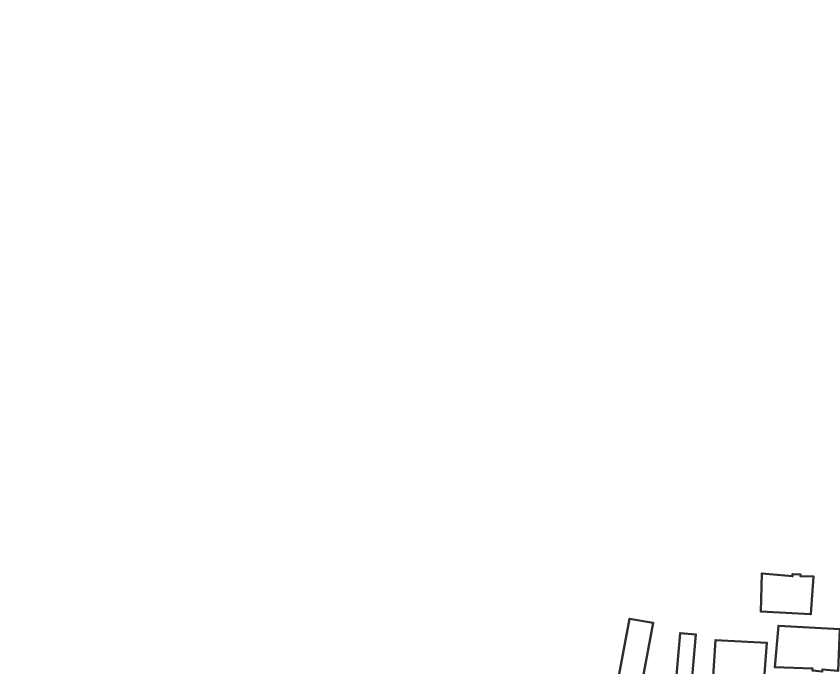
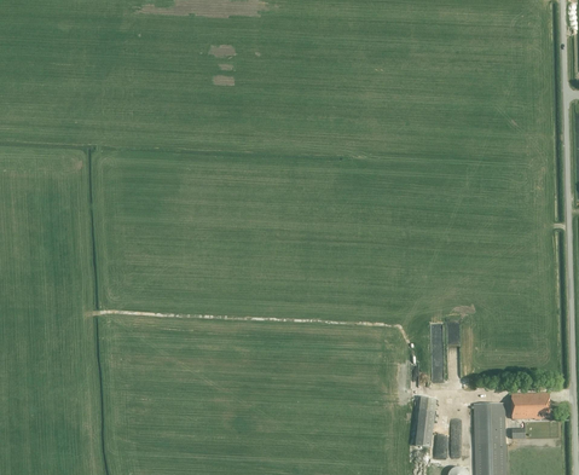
building: [761,574,813,614] -> none

